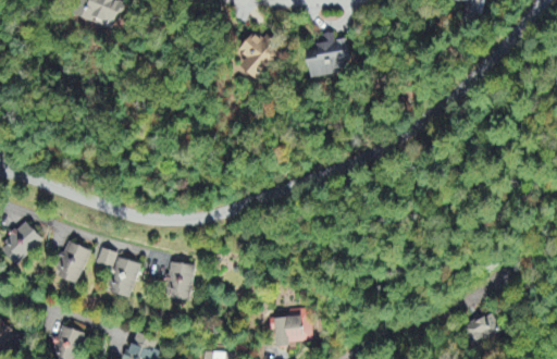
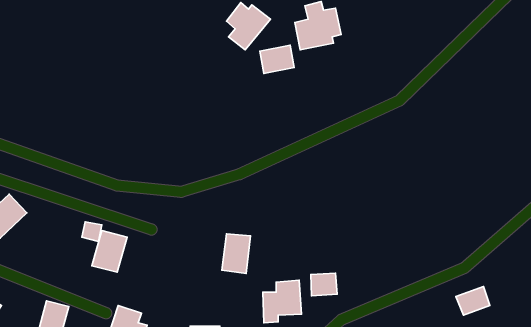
building: none -> [260,45,294,74]
building: [53,240,89,284] -> none
building: [165,262,194,301] -> [222,234,251,273]
building: none -> [311,273,337,296]

